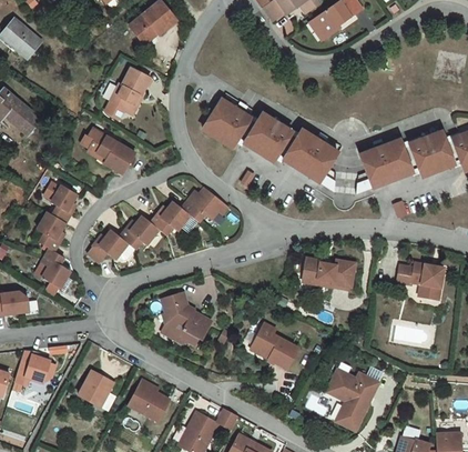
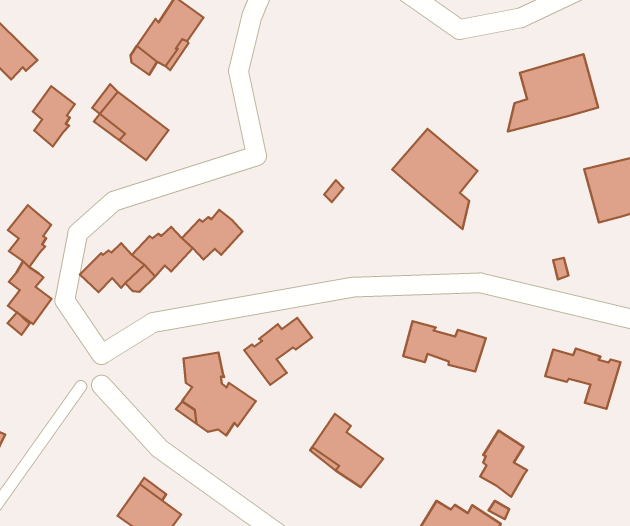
building: [202,99,251,148] -> none
building: [243,114,292,163] -> none
building: [354,142,410,198] -> [508,54,598,131]
building: [50,183,77,222] -> [33,86,75,146]
building: [182,184,228,219] -> none
building: none -> [244,318,312,385]
building: none -> [480,431,527,497]
building: [80,370,115,406] -> none

